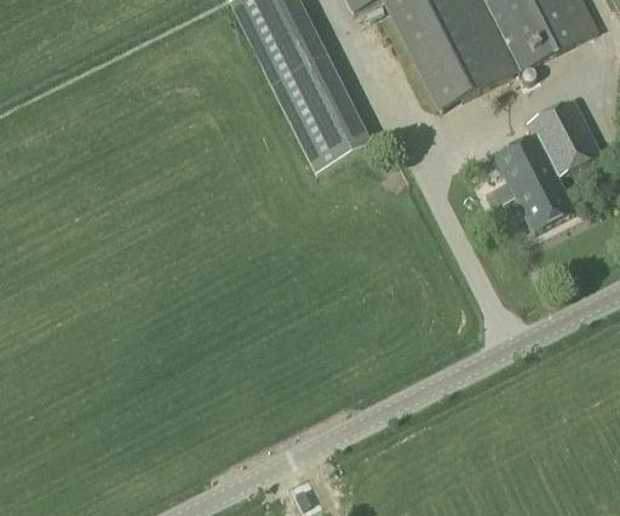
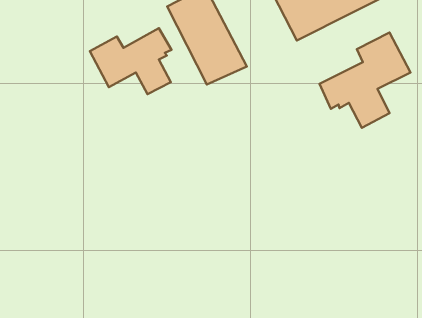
building: none -> [90,28,172,94]

